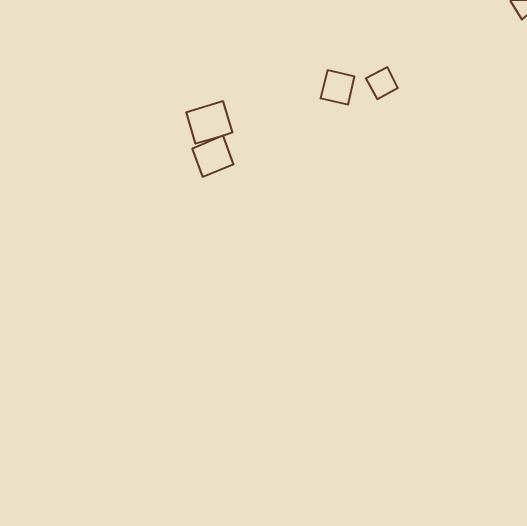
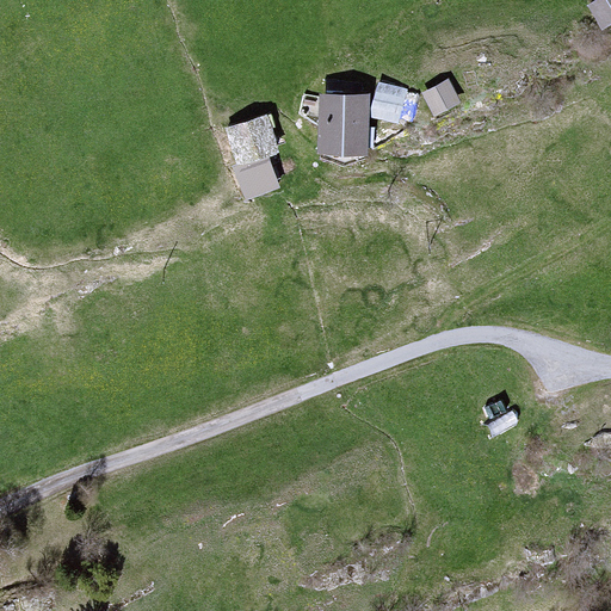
building: none -> [321,91,369,152]

